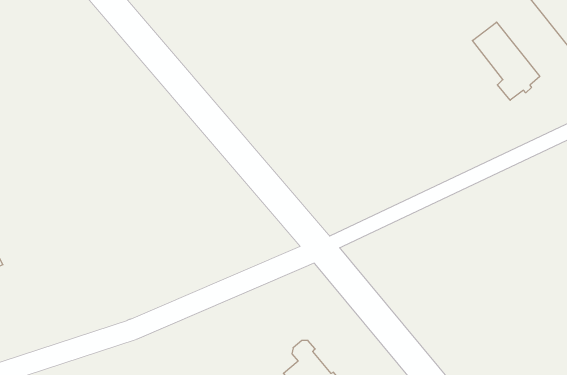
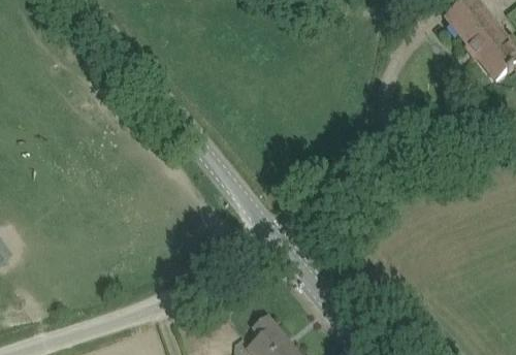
building: [472,22,540,100] -> none

